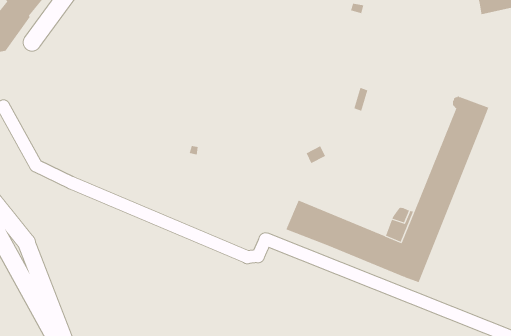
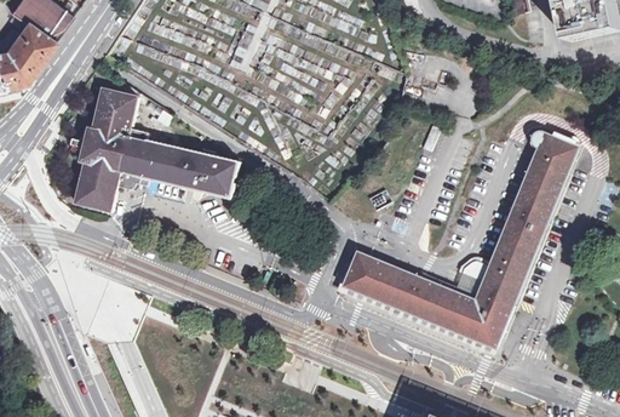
building: none -> [70,87,235,211]

